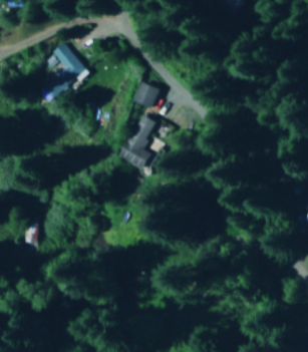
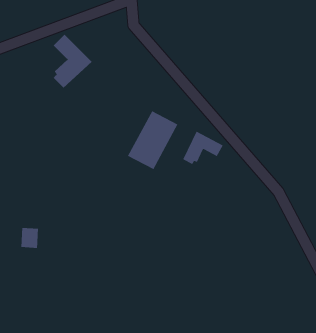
building: [133,81,161,109] -> none
building: none -> [182,131,224,165]

